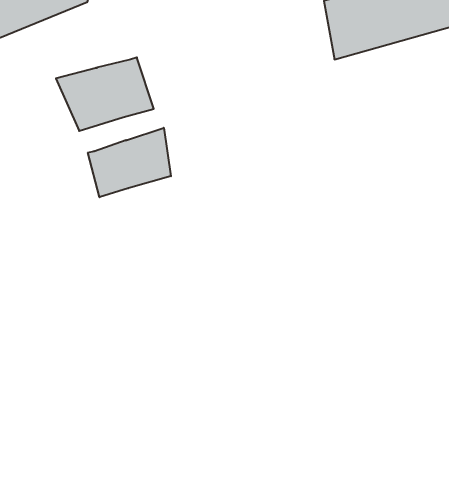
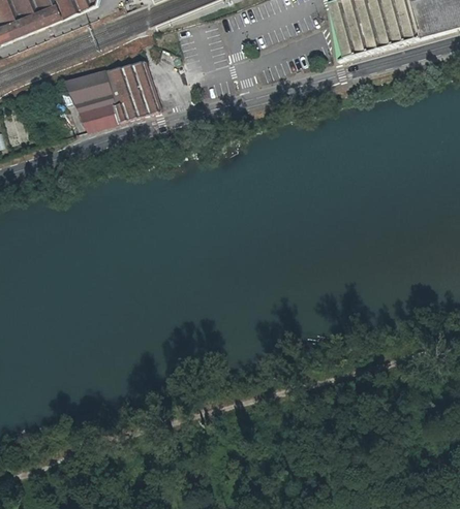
building: [88,128,171,197] -> none

